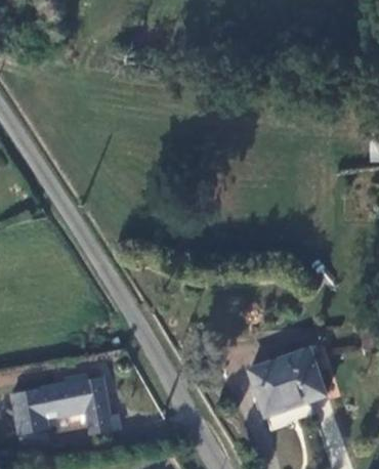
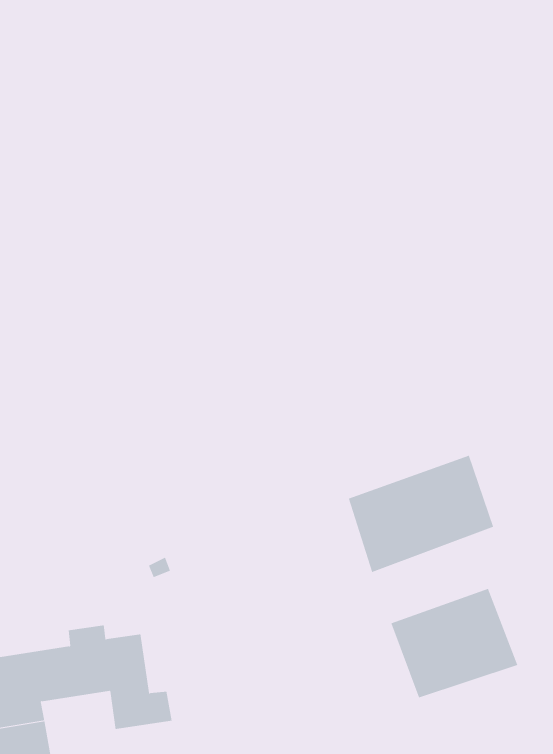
building: none -> [348,455,494,573]

